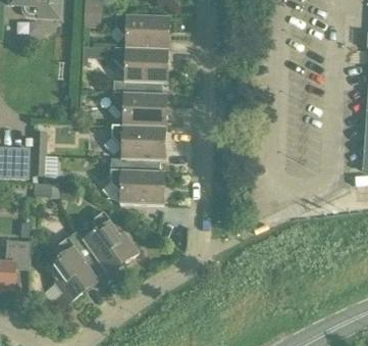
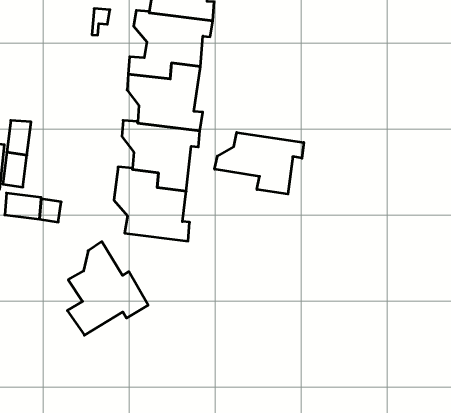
building: none -> [215,132,304,194]
building: [43,229,97,309] -> none

